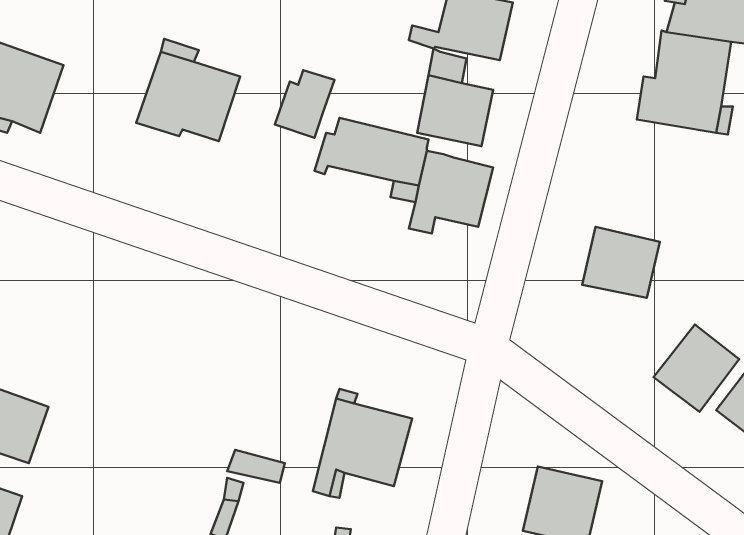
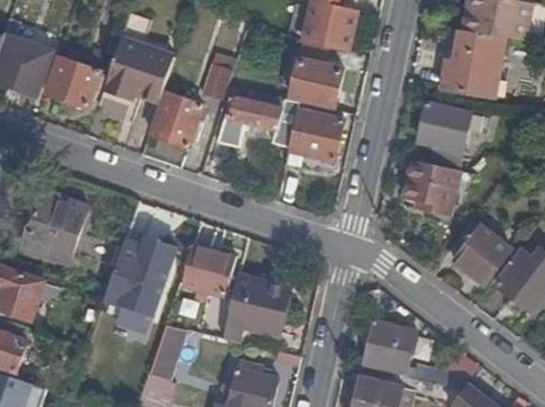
building: none -> [47,58,99,106]
building: none -> [151,92,202,145]
building: none -> [416,102,468,166]
building: none -> [24,191,88,263]
building: none -> [107,225,180,344]
building: none -> [182,245,235,297]

